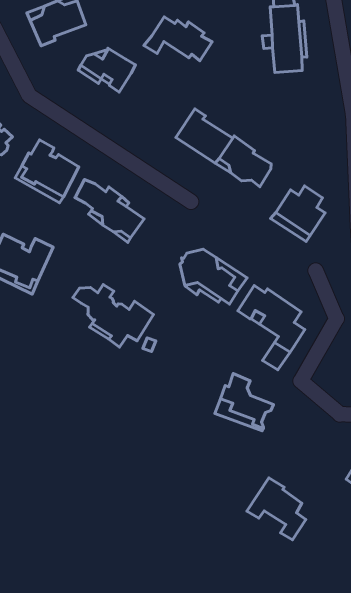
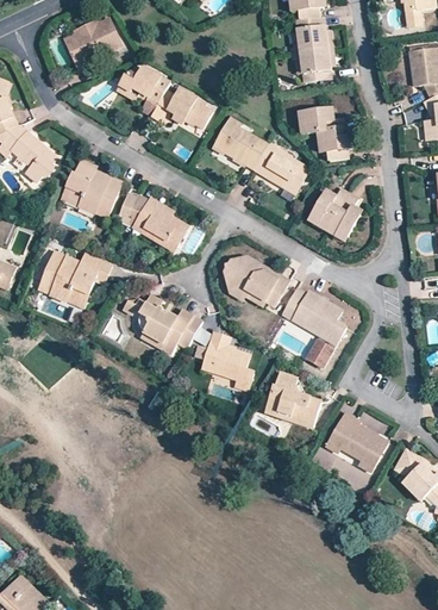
building: [144,17,212,61] -> [149,89,214,130]
building: none -> [308,108,352,161]
building: none -> [205,332,255,391]
building: [247,478,306,540] -> [326,412,383,471]

